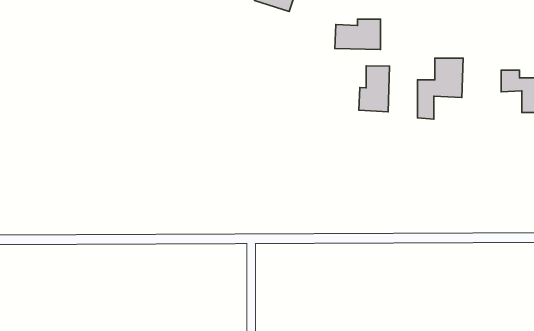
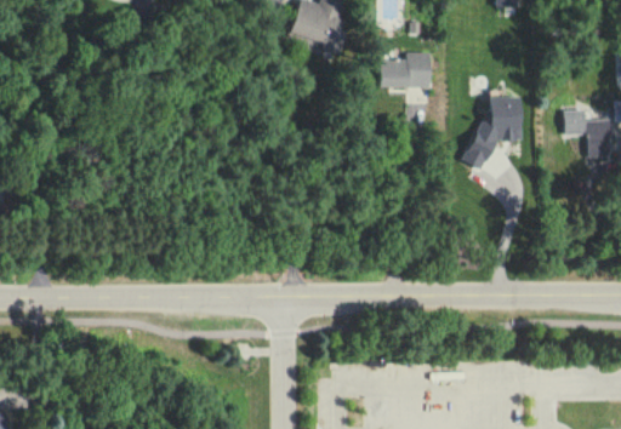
building: [359,66,390,112] -> none

